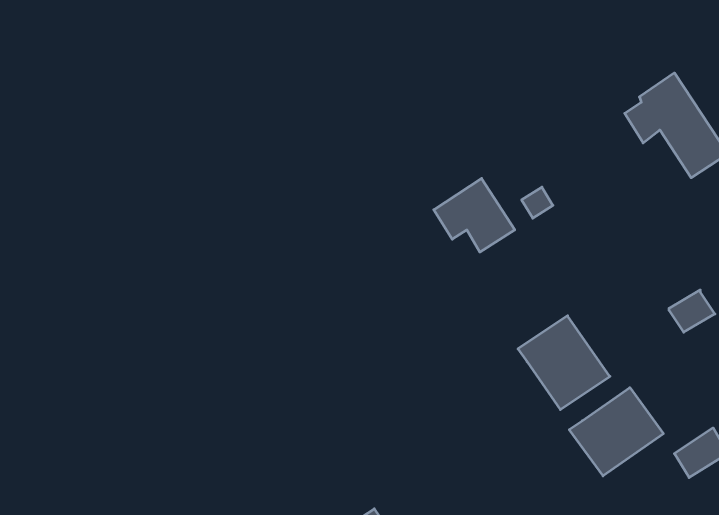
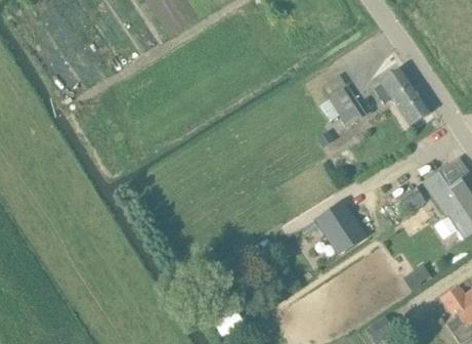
building: [434,178,515,252] -> [319,86,364,127]
building: [569,388,663,476] -> none

